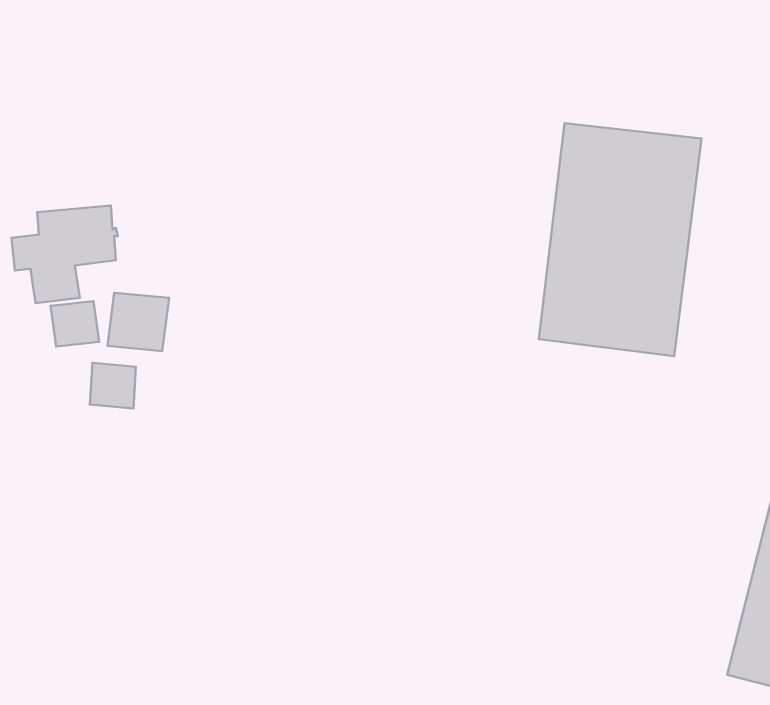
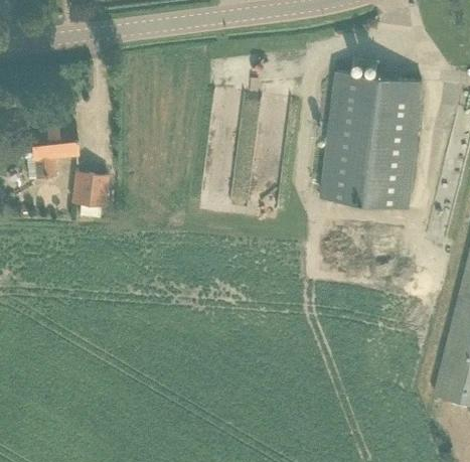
building: [51,301,99,346] -> none
building: [90,363,136,409] -> none

